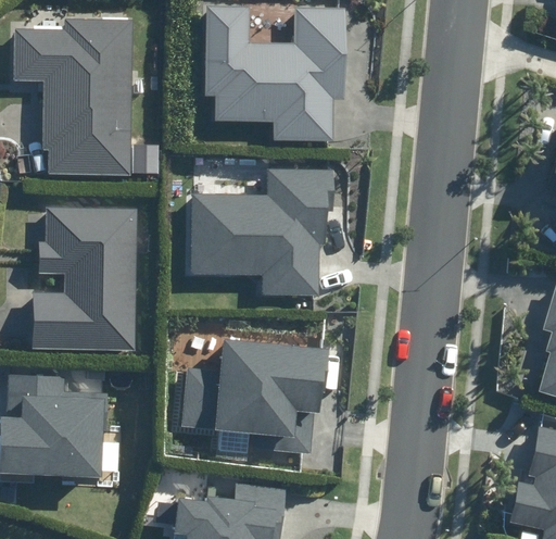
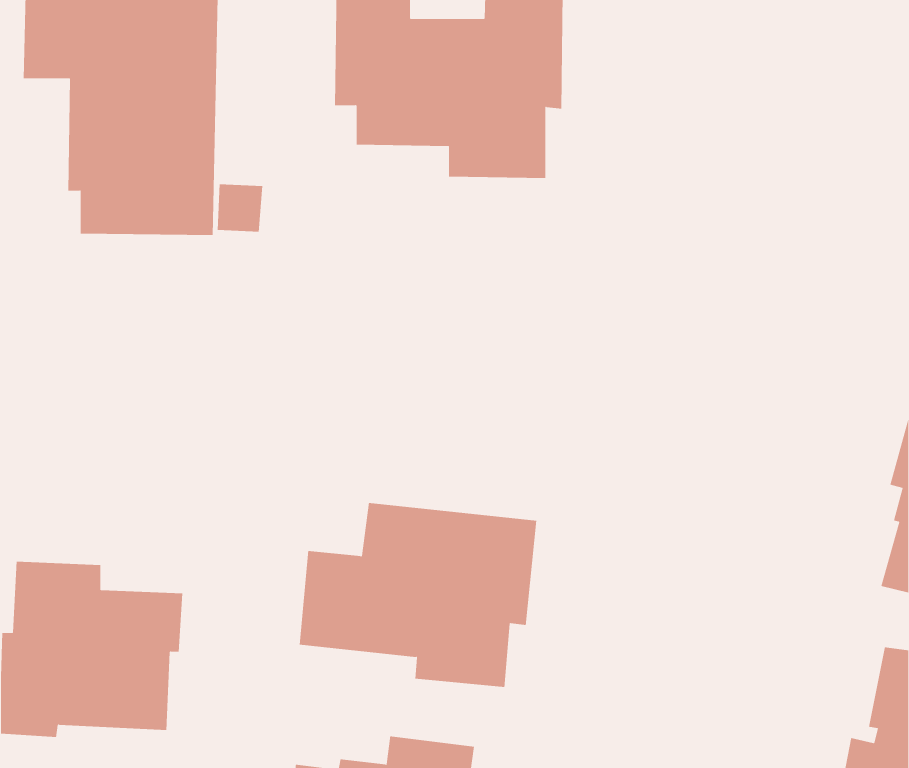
building: [189,170,336,297] -> none
building: [31,208,137,350] -> none

